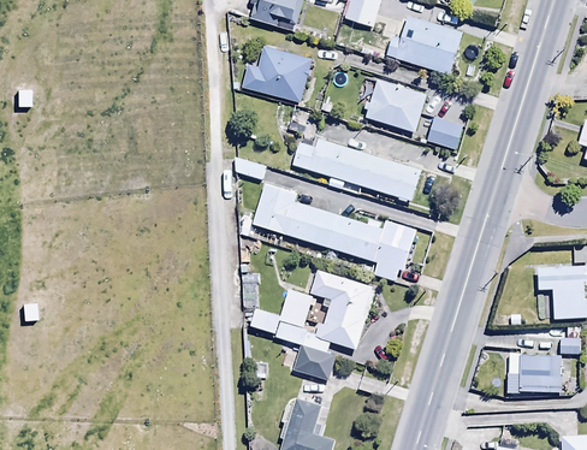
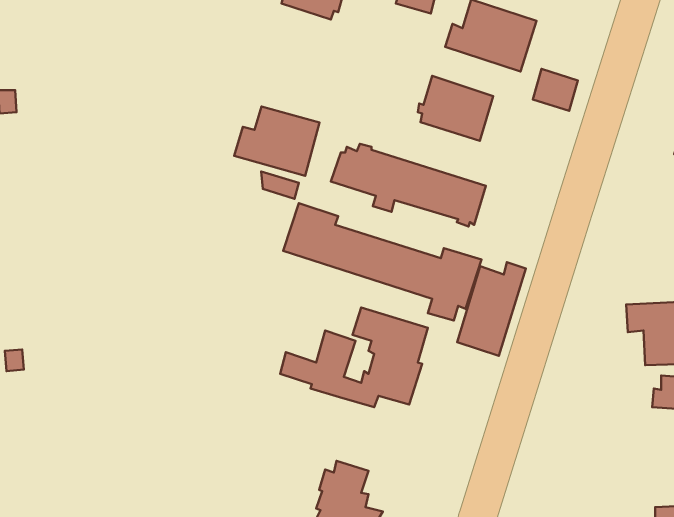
building: [241,45,312,102] -> [234,107,320,176]
building: [425,114,462,149] -> [533,69,578,111]
building: none -> [457,262,526,356]
building: [291,344,334,381] -> none
building: [506,355,561,392] -> none

